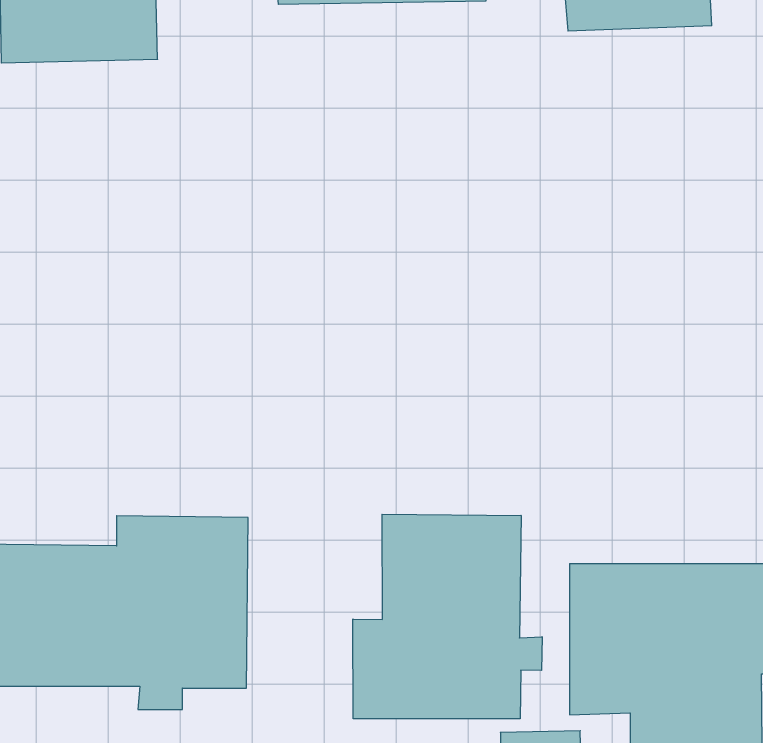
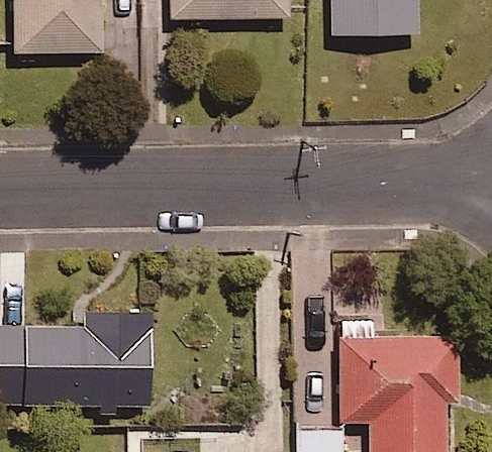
building: [353,514,542,719] -> none

